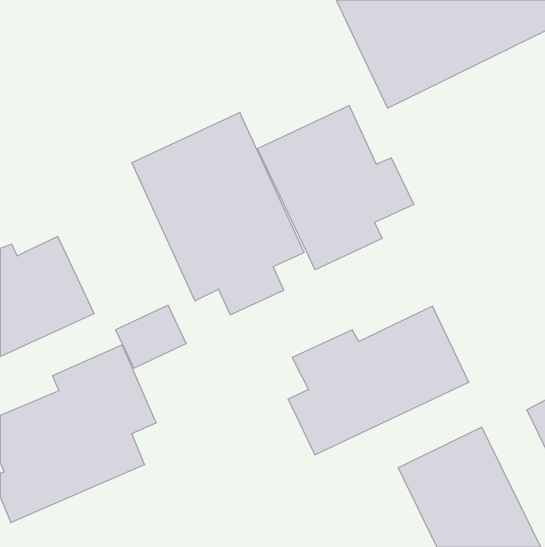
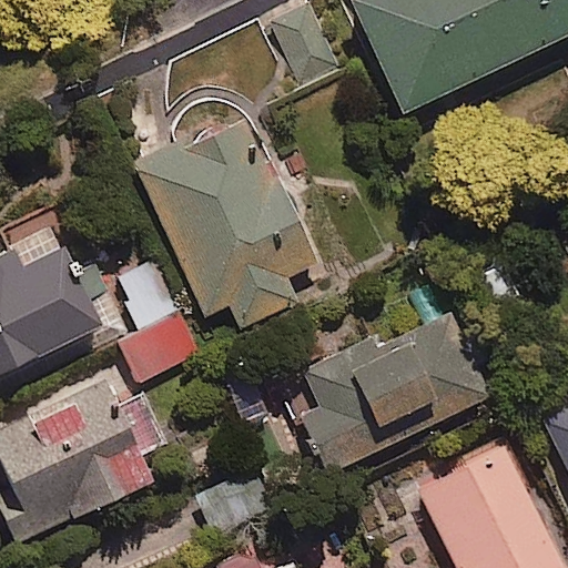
building: [258,106,414,270] -> none

